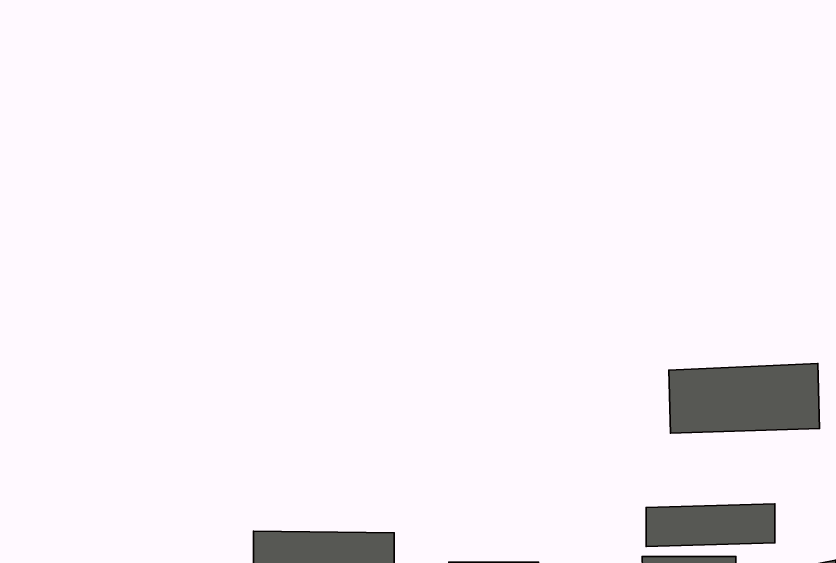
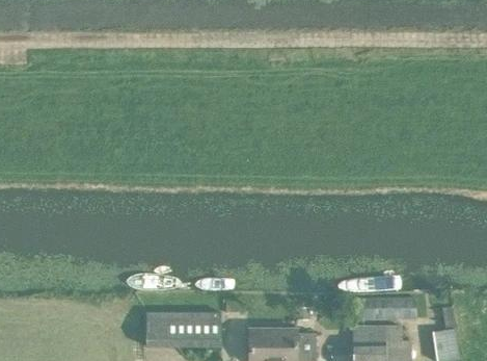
building: [669,364,820,433] -> none

